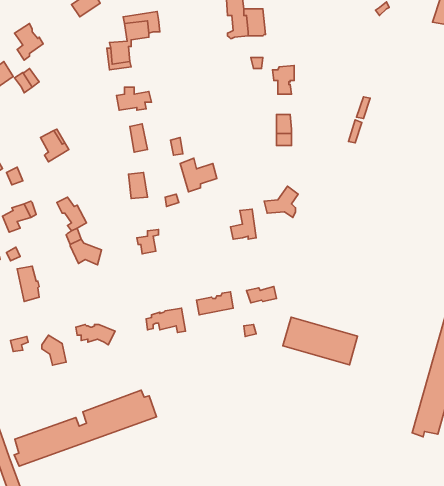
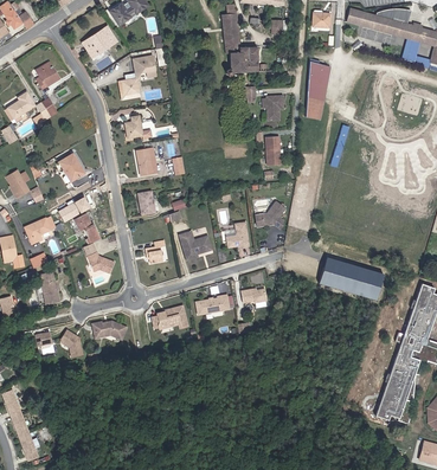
building: none -> [307,64,327,101]
building: [180,158,217,192] -> [179,231,211,260]
building: [283,317,358,365] -> [321,258,386,300]
building: [14,390,156,466] -> none

